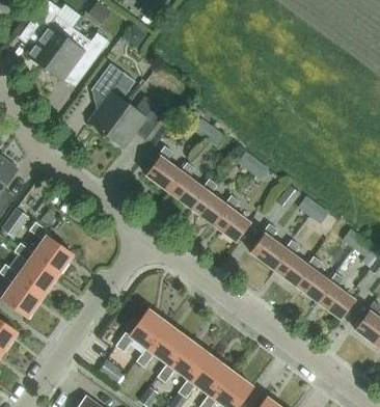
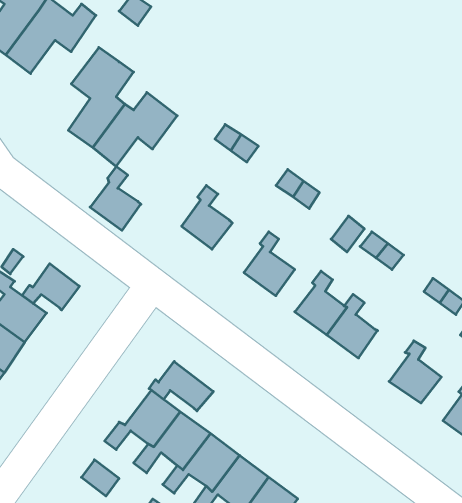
building: [146,145,183,191] -> [90,166,141,230]
building: [191,179,227,224] -> none
building: none -> [22,264,79,310]
building: [296,256,332,302] -> none
building: none -> [149,361,213,411]

